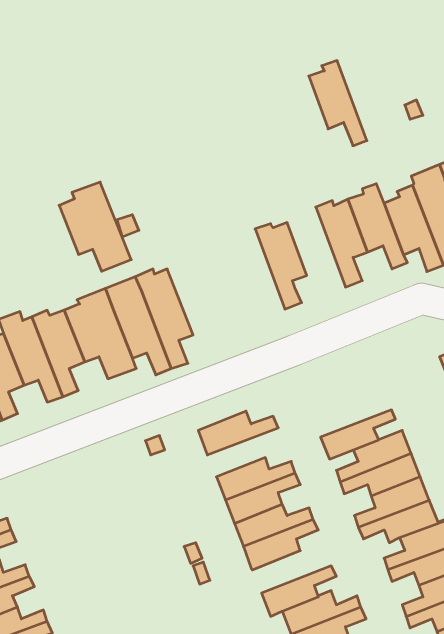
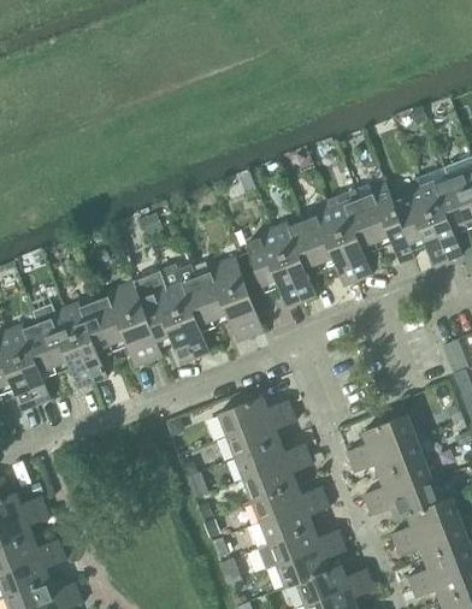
building: [309,61,367,146] -> [301,206,355,285]
building: [59,182,131,271] -> [195,258,262,341]
building: none -> [244,226,299,307]
building: [321,410,395,459] -> [226,412,296,457]
building: none -> [256,526,342,569]

